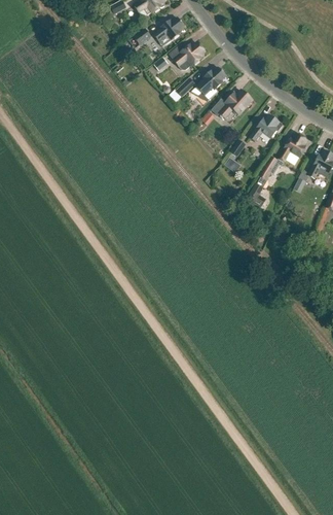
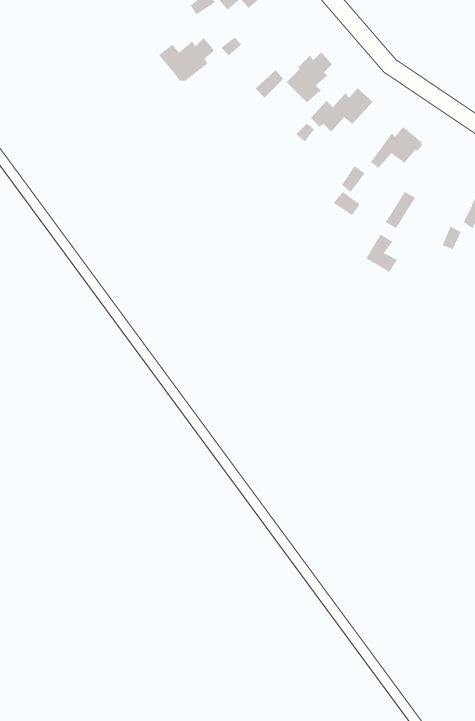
building: [169,42,205,70] -> [158,37,215,81]
building: [279,133,307,162] -> none

